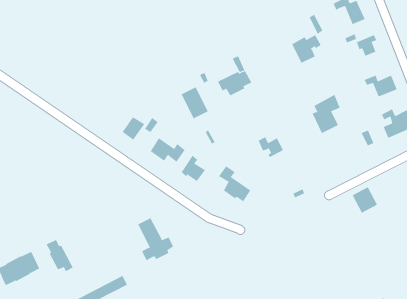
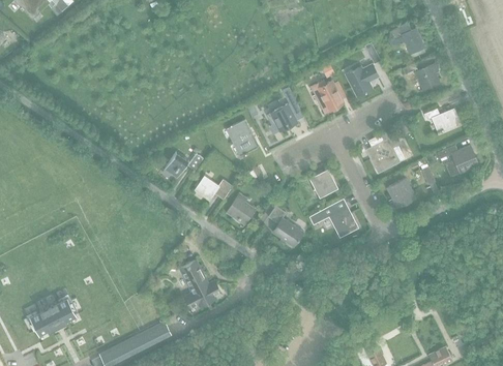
building: none -> [312,81,342,113]
building: none -> [308,200,358,237]
building: [352,187,378,214] -> [387,178,415,207]
building: [46,239,73,272] -> none

